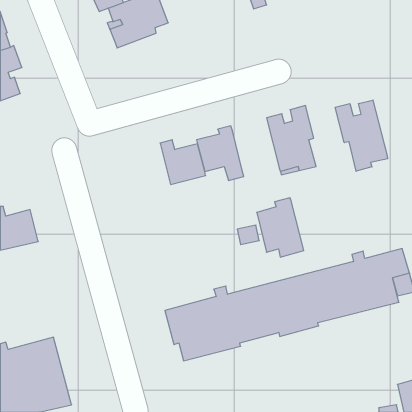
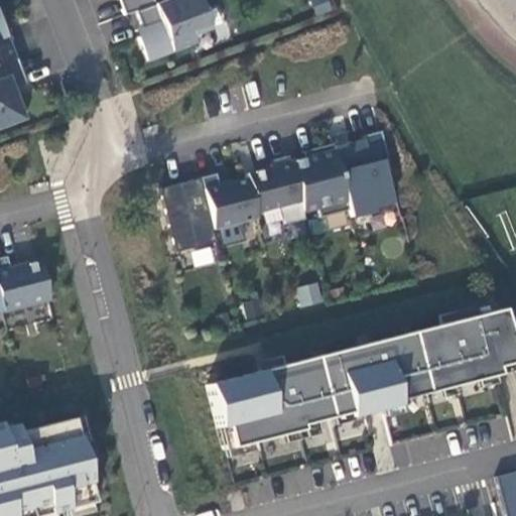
building: [335,100,388,171] -> none
building: none -> [161,177,219,253]
building: [257,198,304,257] -> [292,144,351,218]

